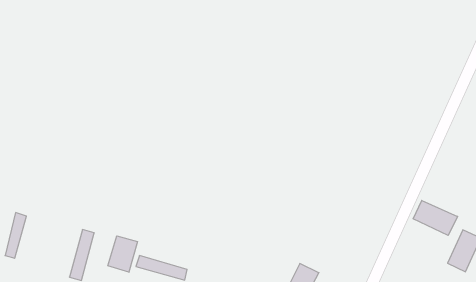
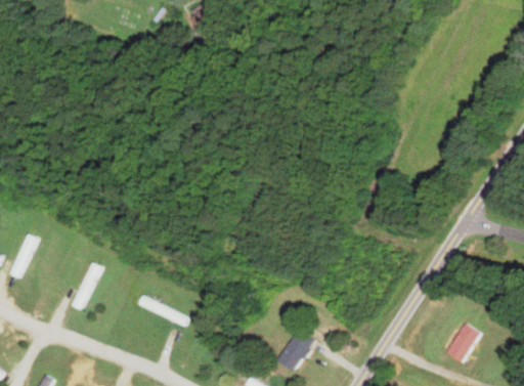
building: [413,200,458,235] -> none
building: [108,236,137,272] -> none

